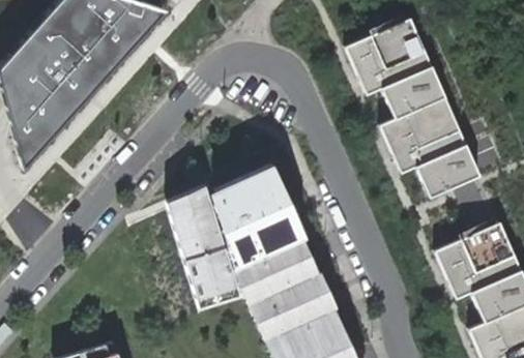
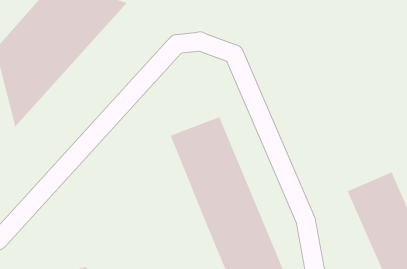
building: [347,22,473,202] -> none
building: [163,180,260,311] -> none

